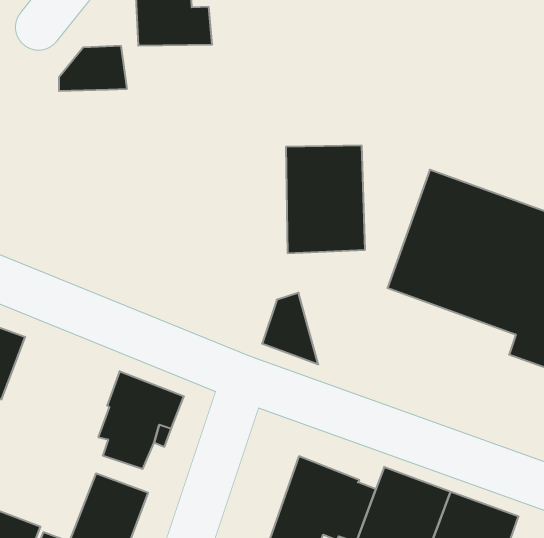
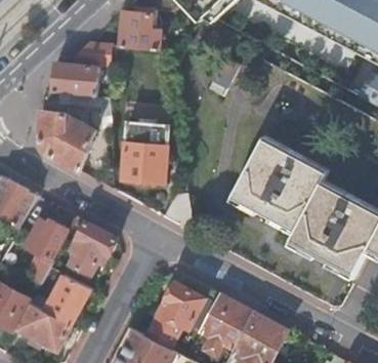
building: none -> [51,64,99,97]
building: [286,146,365,253] -> [122,122,170,184]
building: none -> [38,111,94,172]
building: none -> [23,220,67,260]

